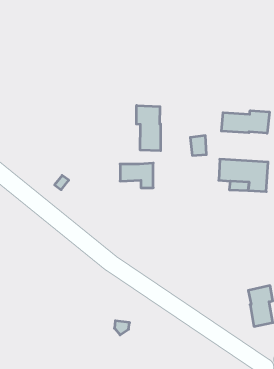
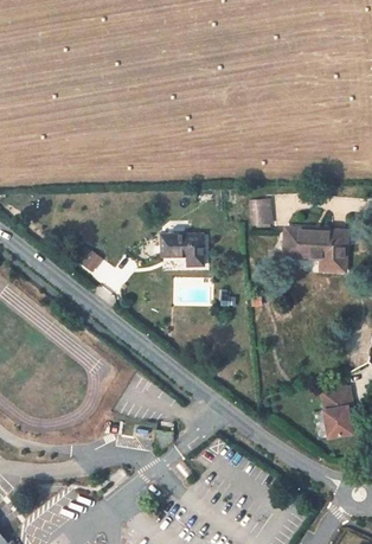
building: [136,105,161,151] -> none
building: [221,111,269,133] -> none

